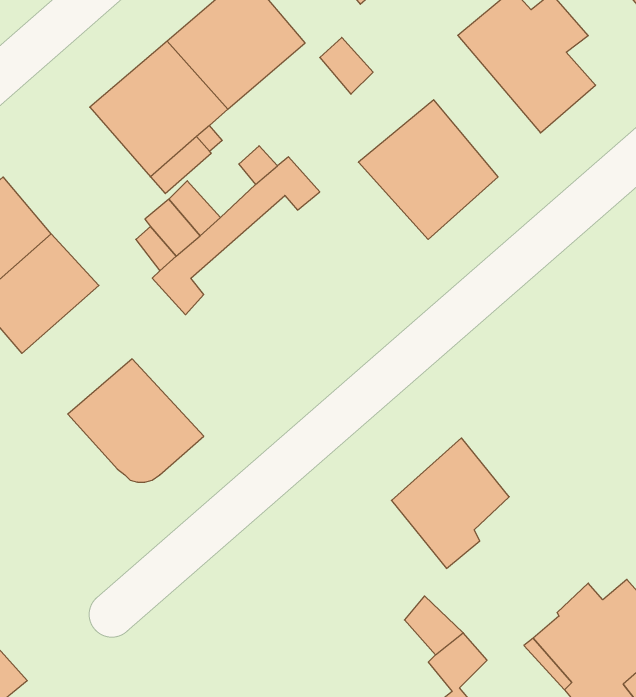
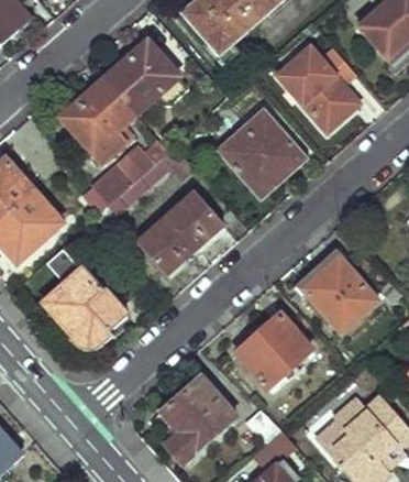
building: none -> [136,189,223,271]
building: none -> [301,256,378,330]
building: none -> [161,373,235,459]

